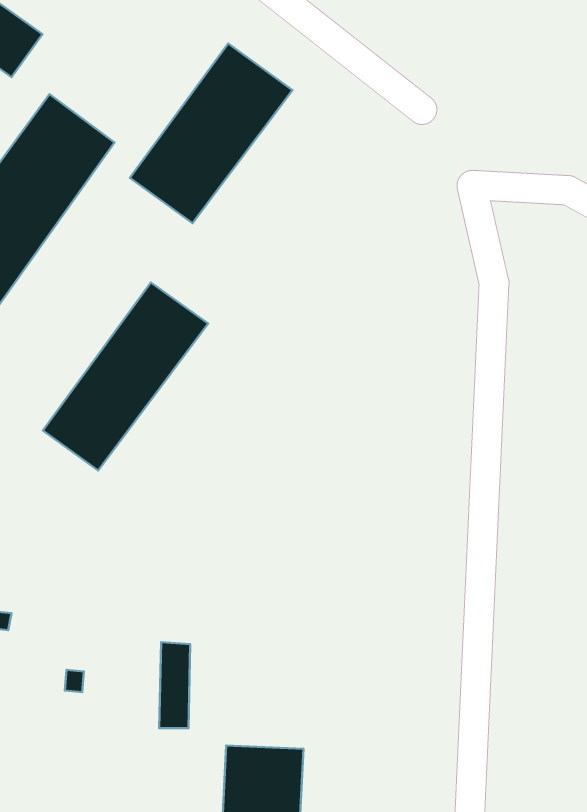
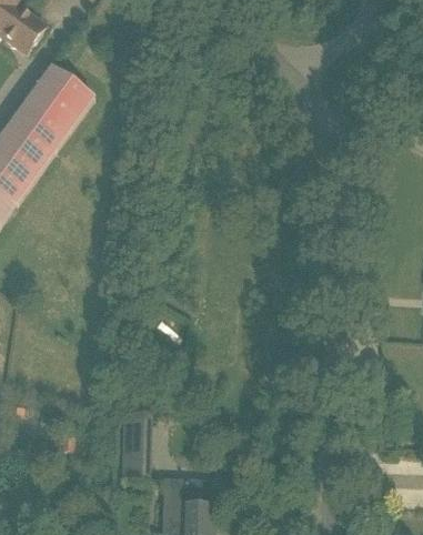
building: [130,43,293,223] -> none
building: [43,283,208,471] -> none

